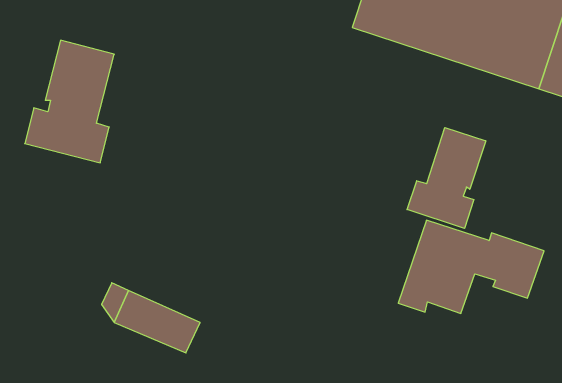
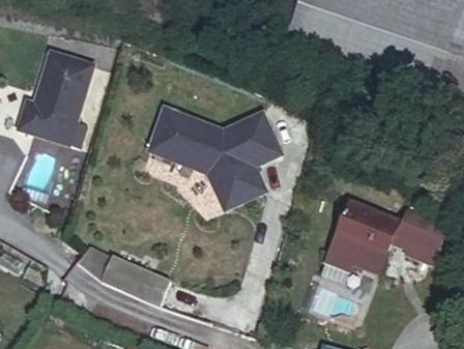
building: none -> [145,109,277,210]
building: [407,128,486,228] -> none

